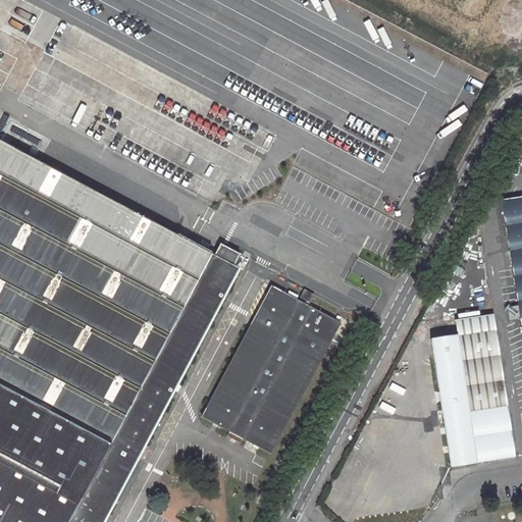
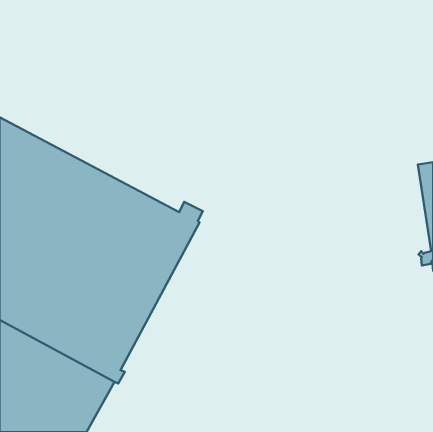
building: [200,284,340,454] -> none
building: [431,313,513,463] -> none

